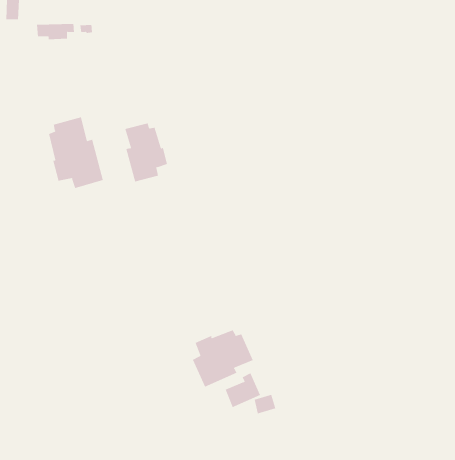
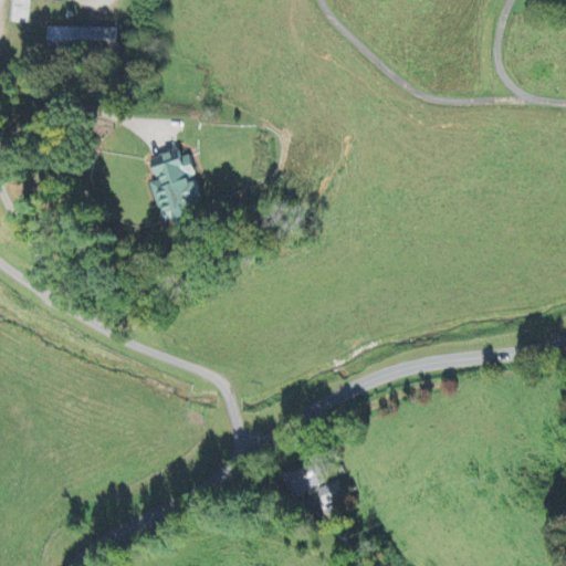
building: [49,117,104,189] -> none
building: [192,329,253,388] -> none

